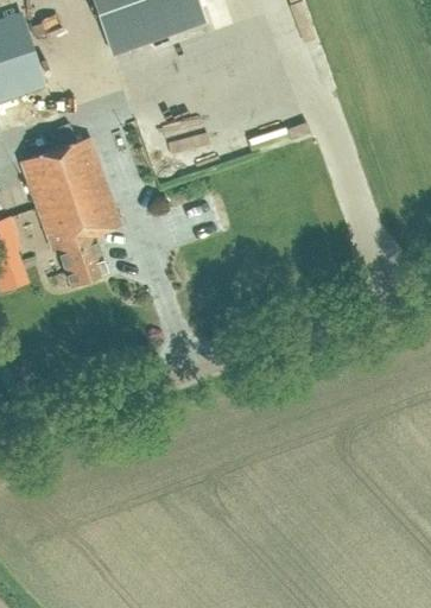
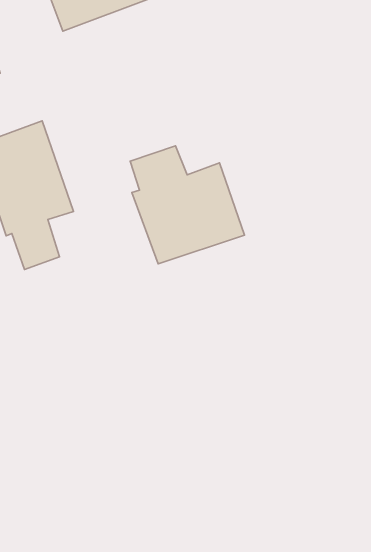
building: none -> [130,146,244,264]

